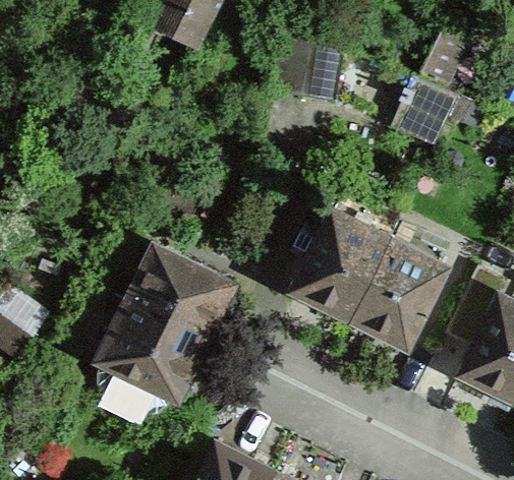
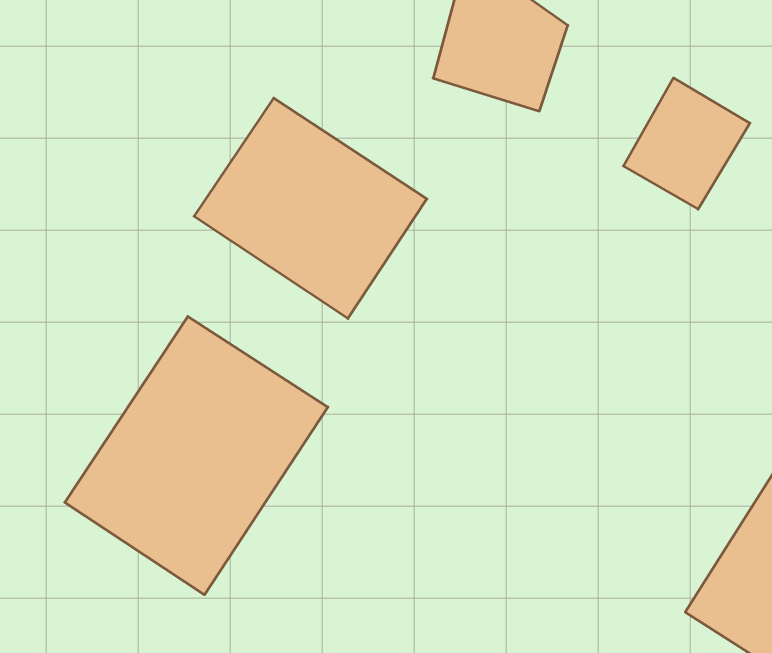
building: none -> [194,98,427,319]
building: [284,206,448,352] -> none

